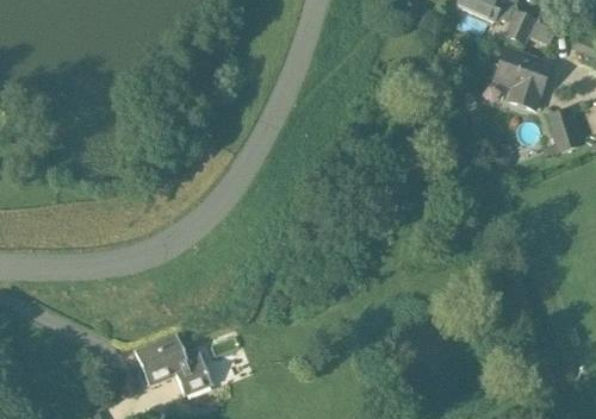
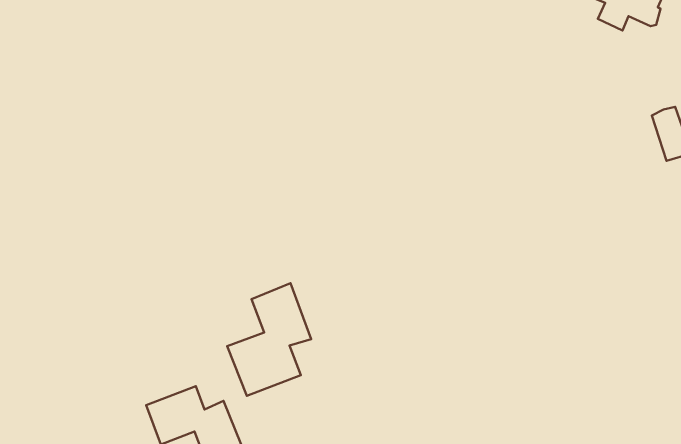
building: [492,48,548,108] -> none
building: none -> [227,283,311,396]

